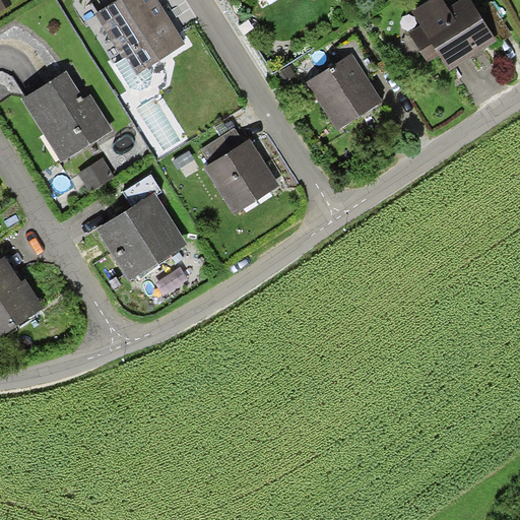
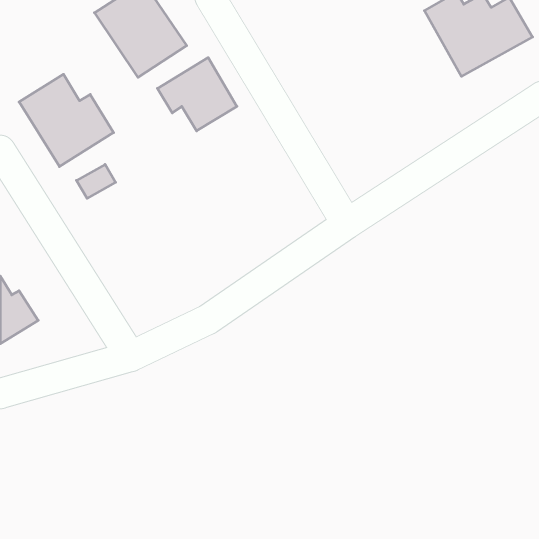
building: [307,56,378,129] -> none
building: [201,138,277,208] -> [157,58,237,131]
building: [101,196,185,279] -> none

